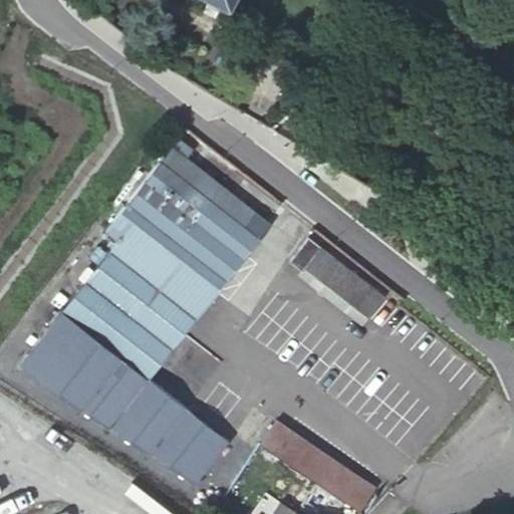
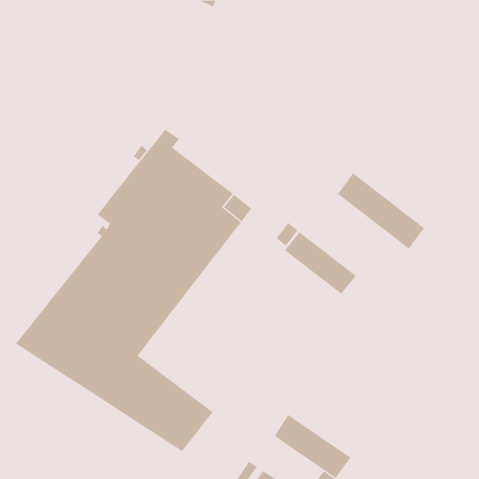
building: none -> [337,173,425,249]
building: [261,422,309,467] -> none

